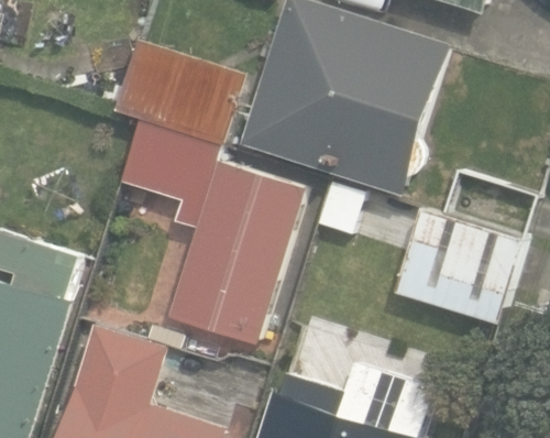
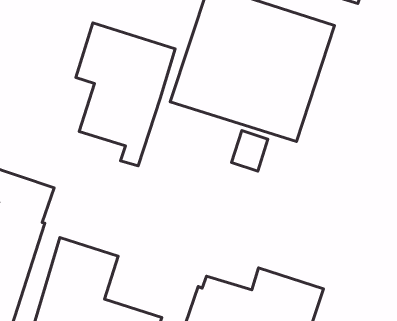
building: [166,140,311,344] -> none
building: [392,206,522,326] -> none

